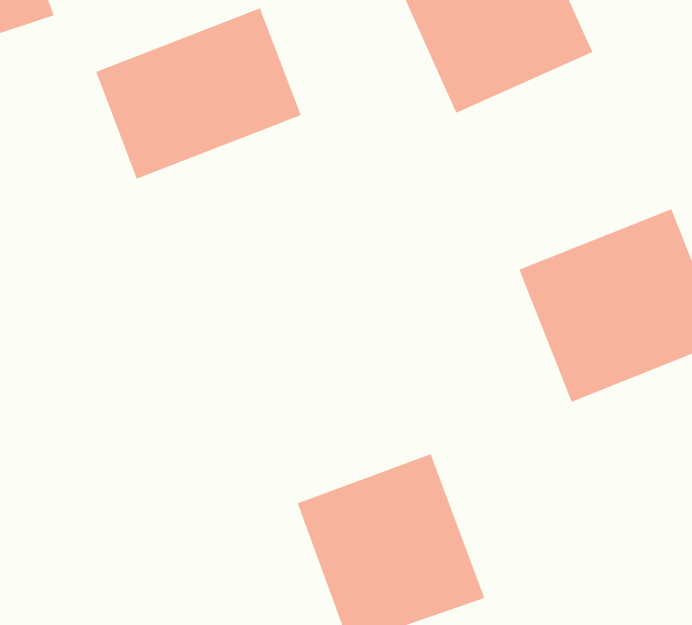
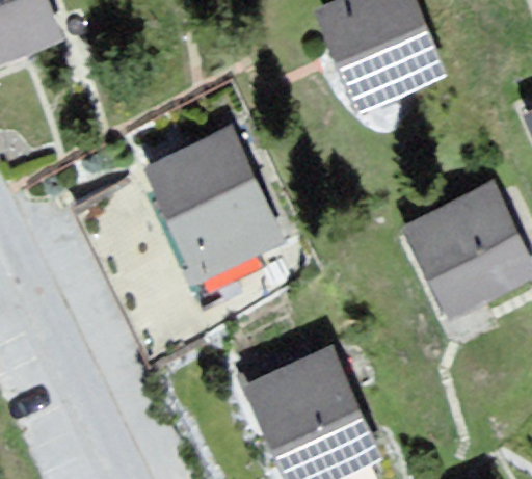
building: [95,8,302,180] -> none
building: none -> [147,135,284,291]

